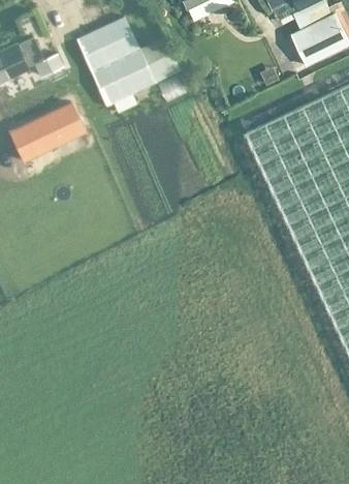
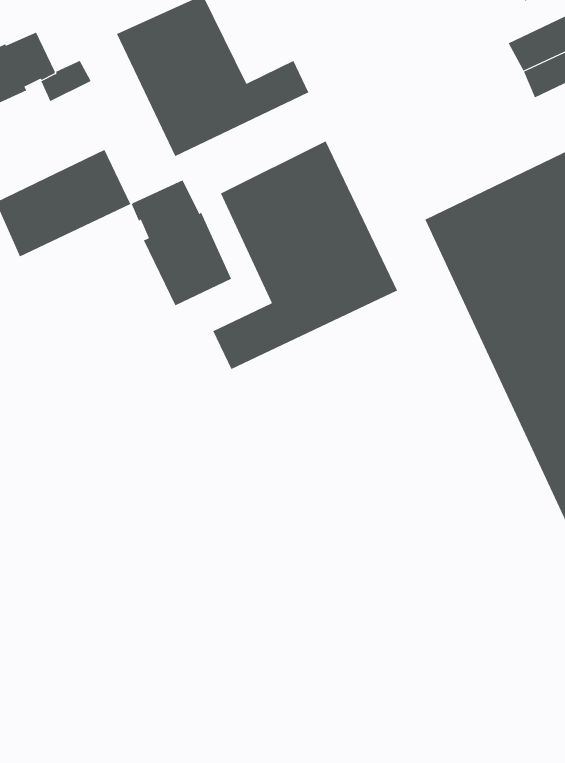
building: none -> [212,140,398,370]
building: none -> [131,179,232,306]

